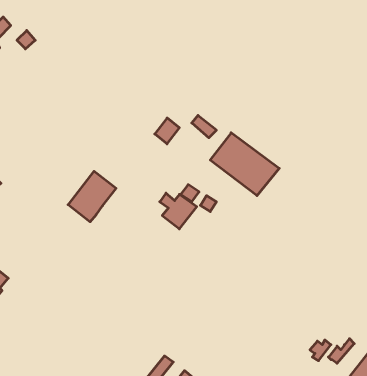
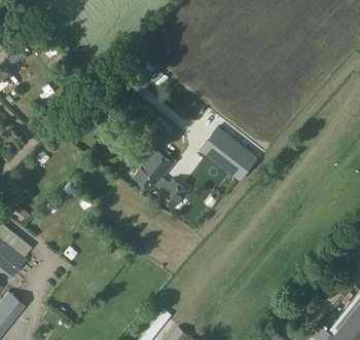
building: [68,171,116,222] -> [134,150,174,192]

